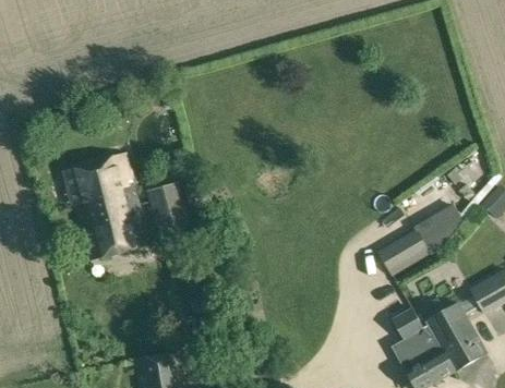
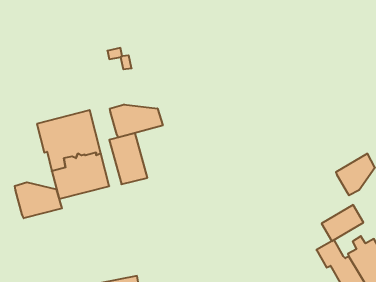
building: none -> [110,104,163,137]
building: [377,231,426,274] -> [322,205,363,241]
building: none -> [15,182,62,218]

